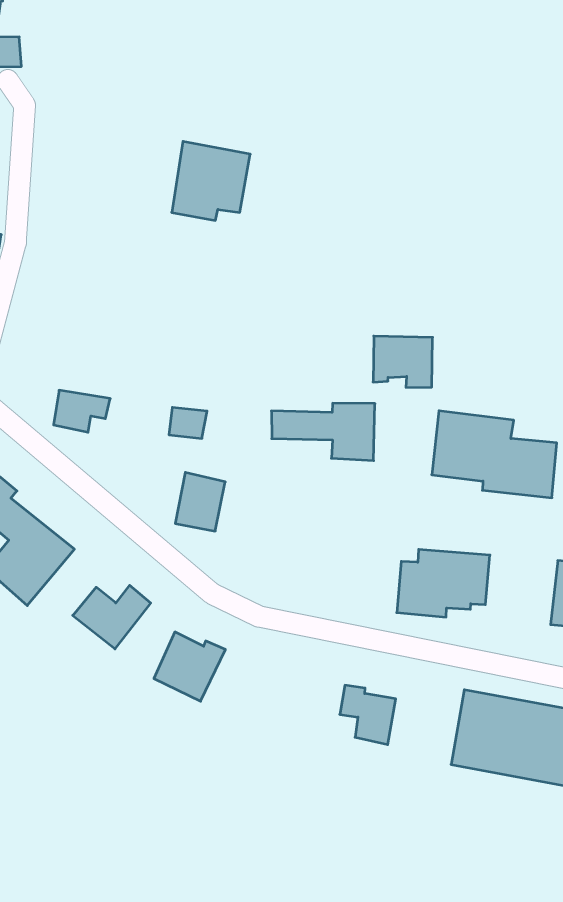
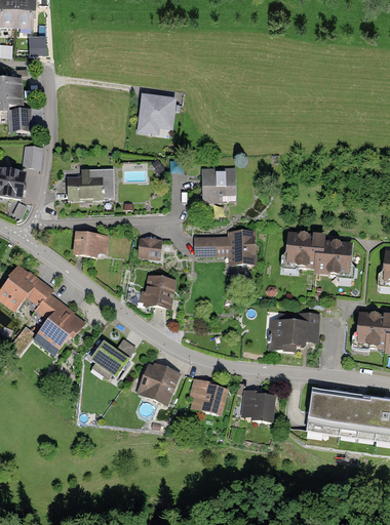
building: none -> [65,168,113,198]
building: [373,336,433,387] -> [201,171,235,200]
building: none -> [189,377,225,413]

